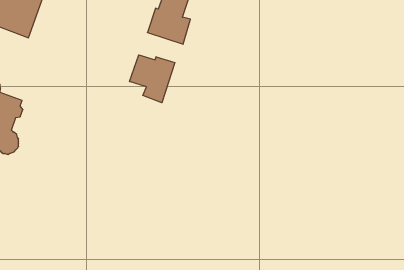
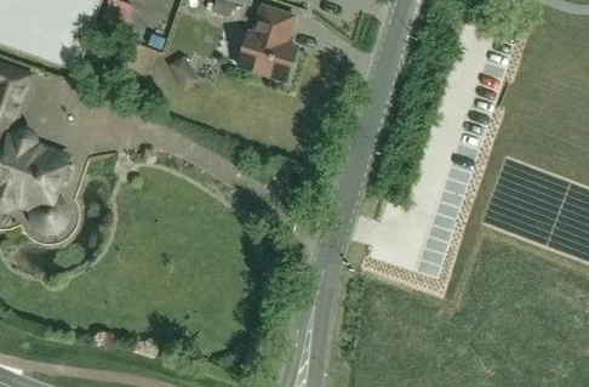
building: [130,55,175,103] -> none

